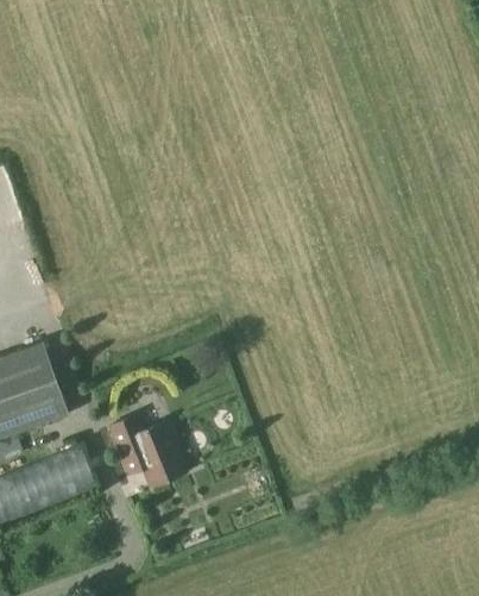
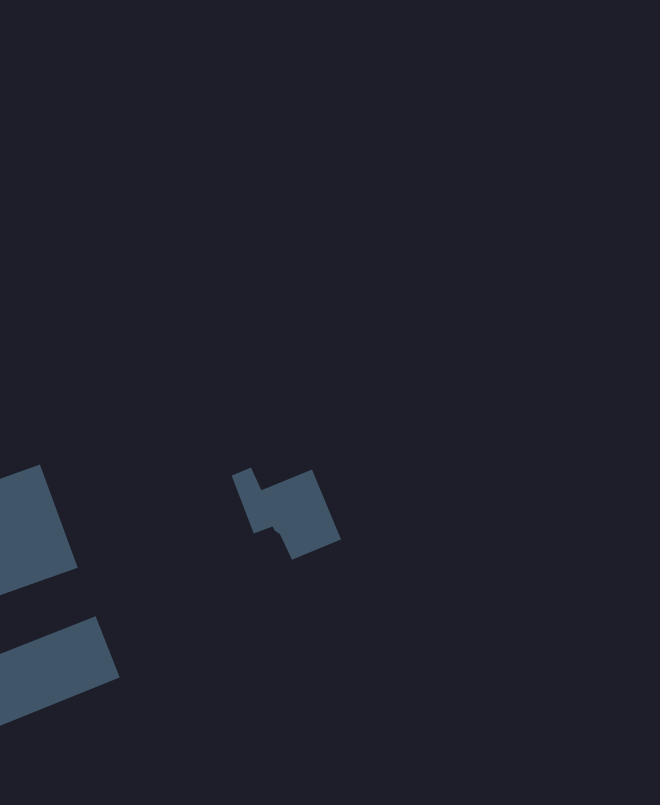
building: [109,420,185,484] -> [230,467,342,561]

